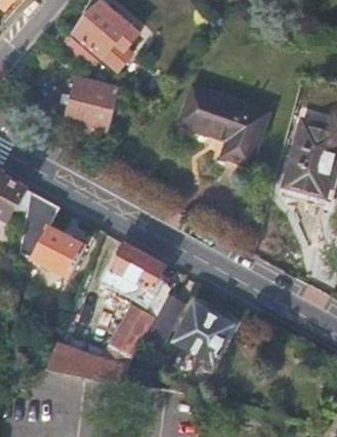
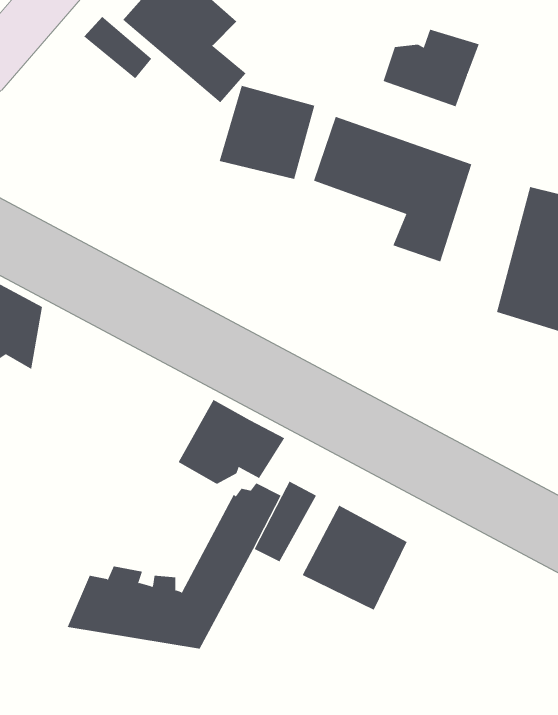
building: none -> [383,29,480,107]
building: [65,77,118,129] -> [219,85,315,180]
building: [20,191,85,277] -> none

